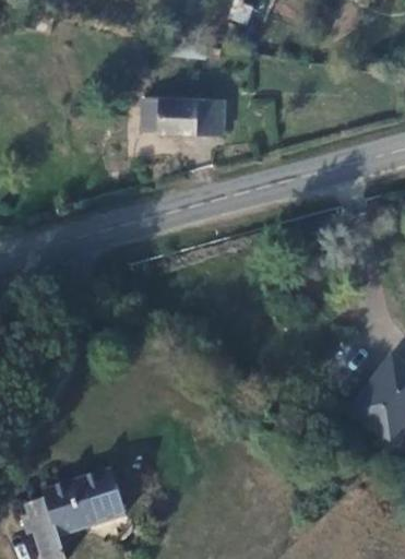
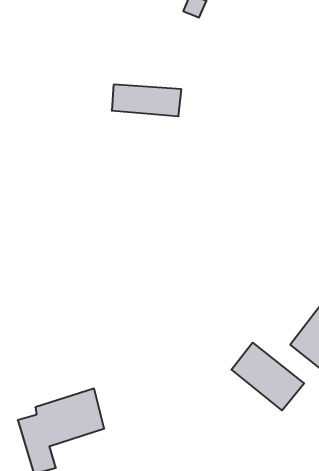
building: none -> [231,343,304,410]

